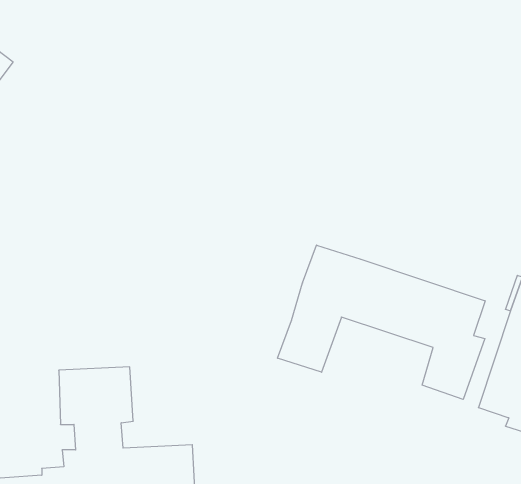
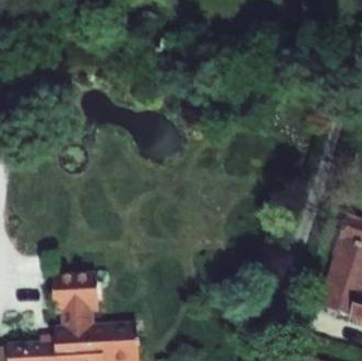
building: [278,245,485,399] -> none

